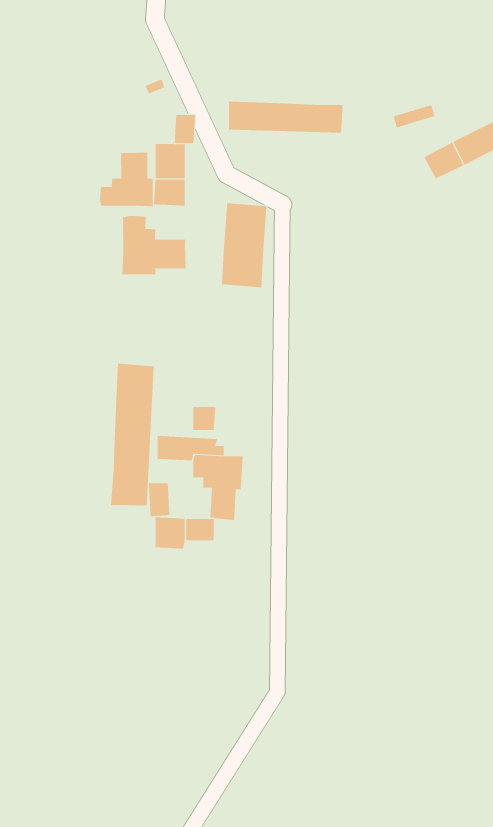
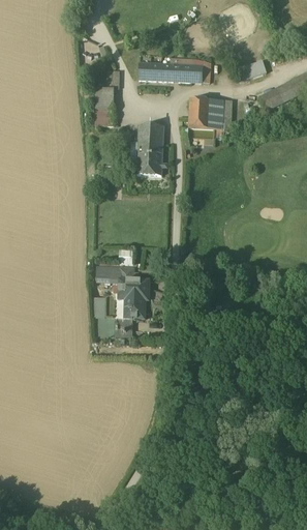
building: [100,152,153,207] -> none
building: none -> [189,98,224,129]
building: [122,215,186,275] -> none
building: [110,363,154,506] -> none

